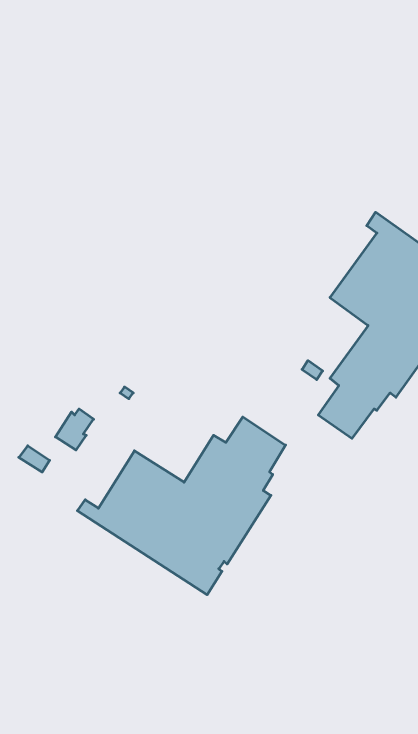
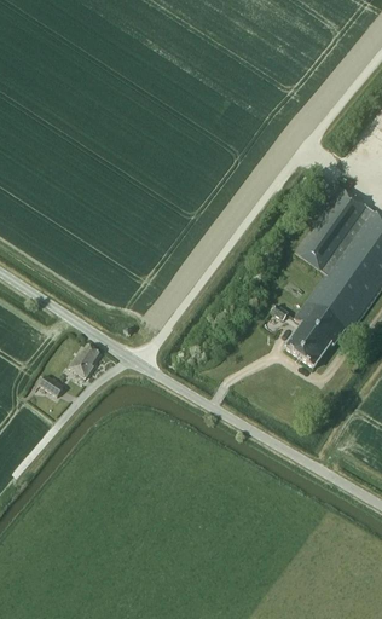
building: [77,417,286,595] -> none

